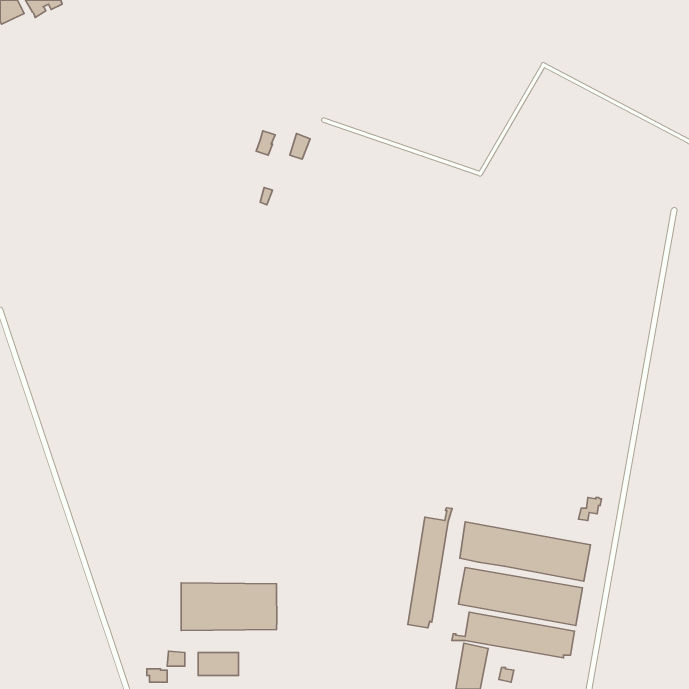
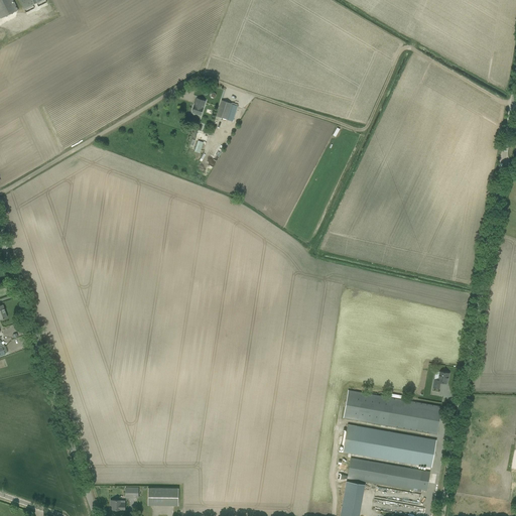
building: [408,508,452,628] -> none
building: [181,583,277,630] -> none

